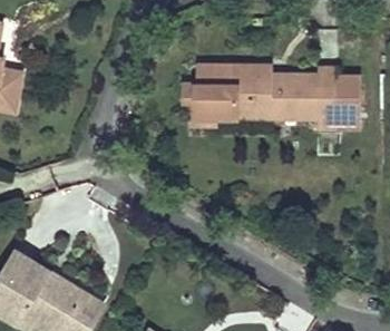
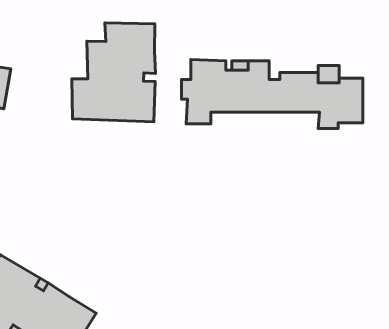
building: none -> [72,23,156,122]

